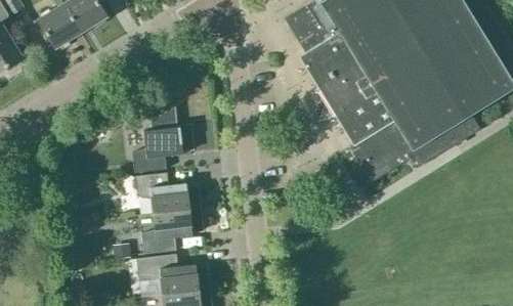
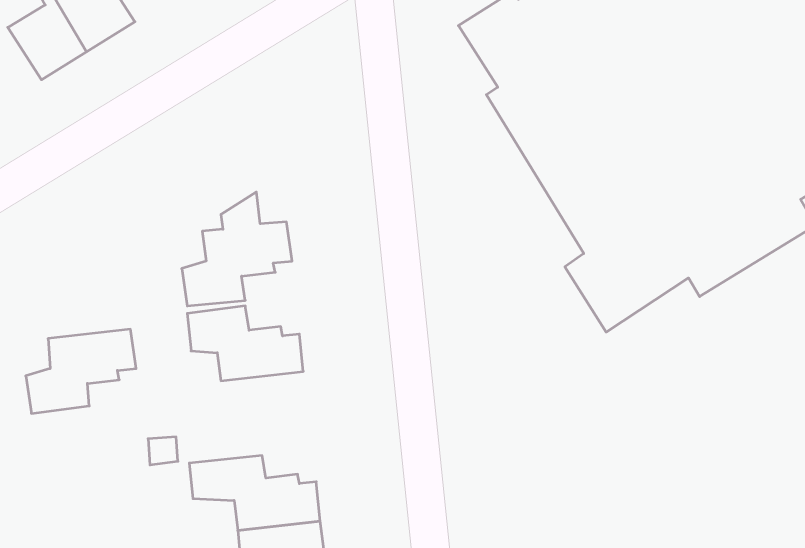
building: [140,208,201,254] -> [26,329,136,413]

